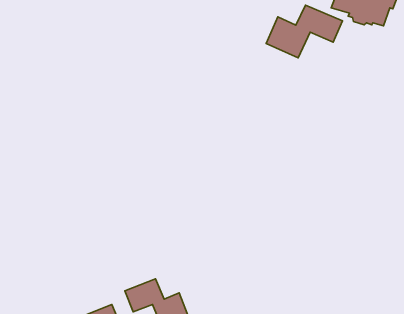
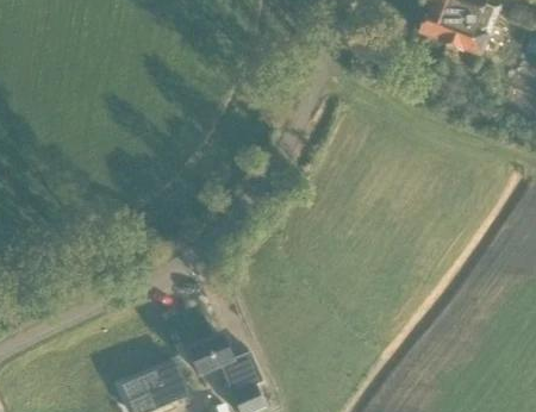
building: [266,5,343,58] -> none

